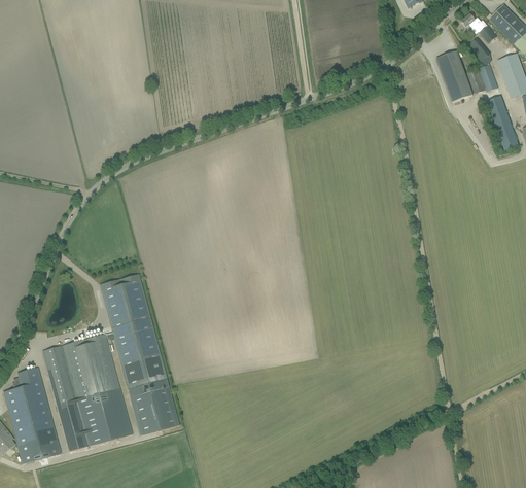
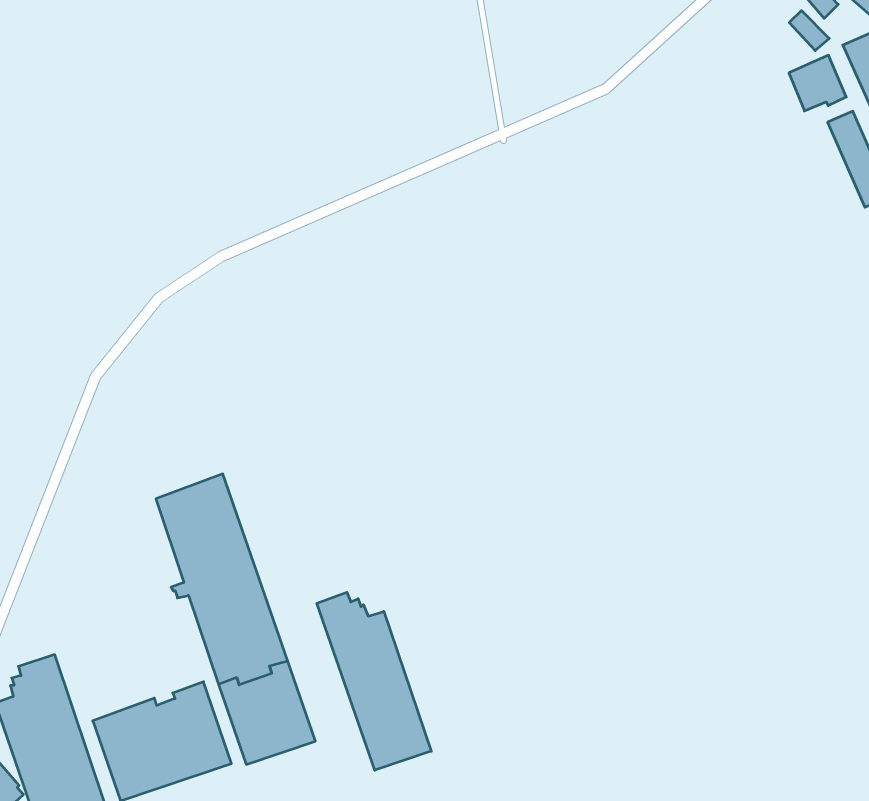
building: [436,50,472,102] -> none
building: [42,334,119,405] -> none
building: none -> [317,592,431,770]

